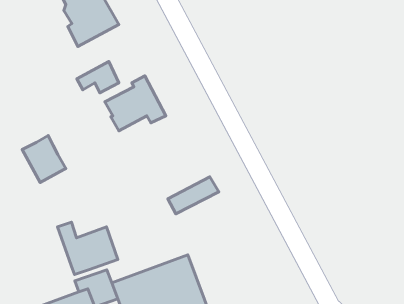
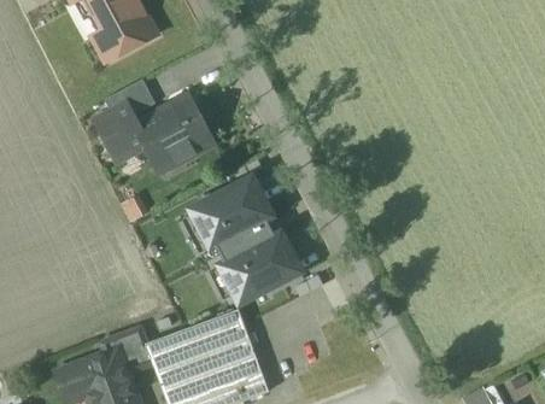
building: [22,136,66,183] -> [95,104,148,160]
building: none -> [191,176,271,246]
building: none -> [221,233,300,301]
building: [57,222,118,275] -> none

